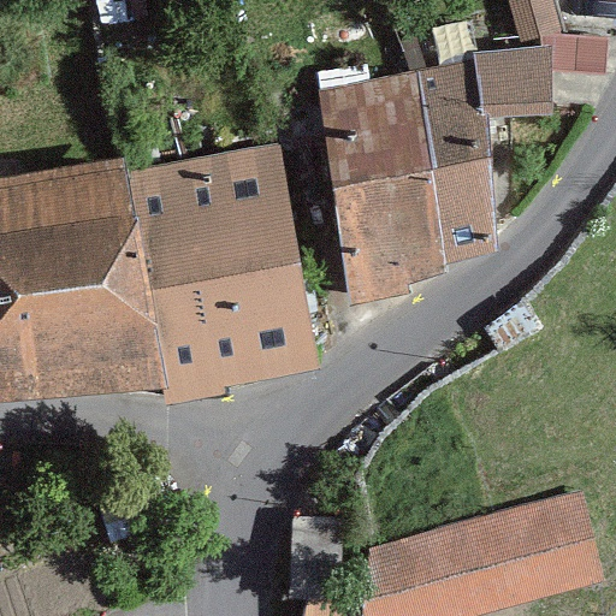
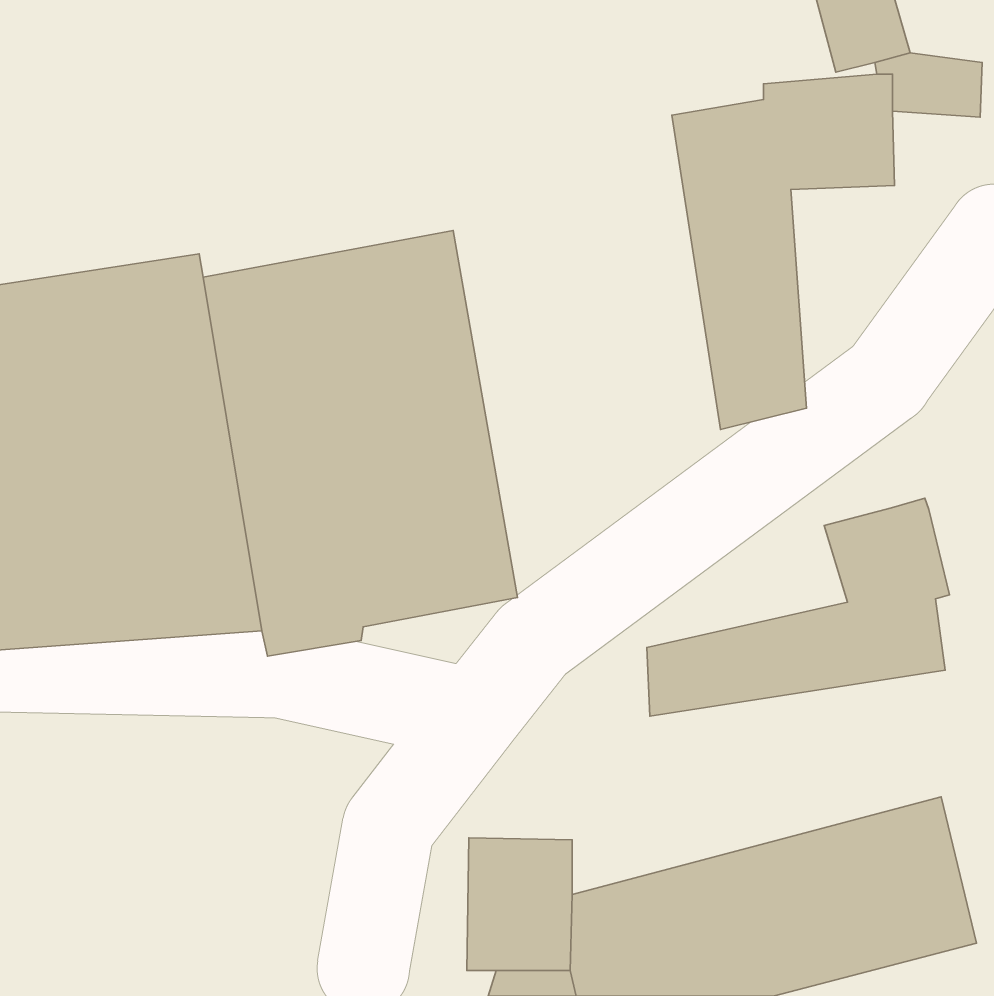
building: [318,71,444,306] -> none
building: none -> [647,498,950,716]

